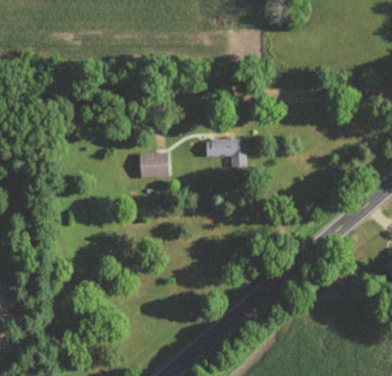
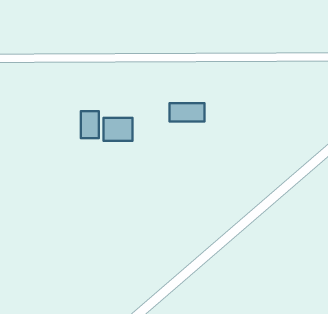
building: none -> [81,111,99,138]

